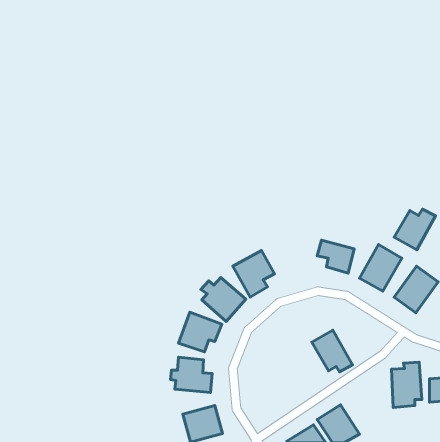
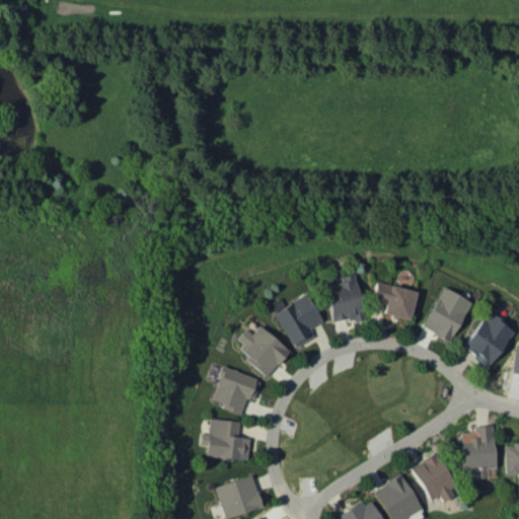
building: [394,209,435,250] -> none
building: none -> [327,275,365,323]
building: [312,330,353,372] -> [413,453,460,502]

